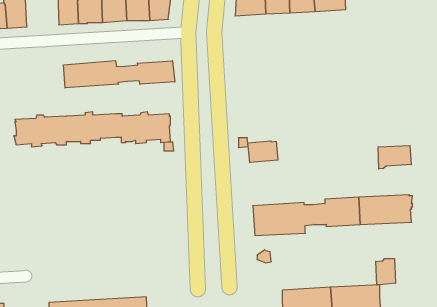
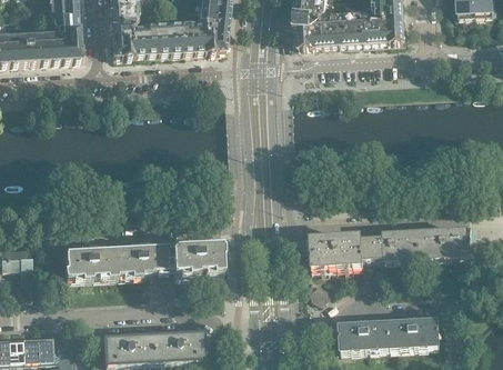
building: [64,61,175,88] -> none
building: [14,112,170,147] -> [64,242,223,278]
building: [248,141,278,163] -> none
building: [378,146,411,169] -> none
building: [376,259,395,285] -> none

